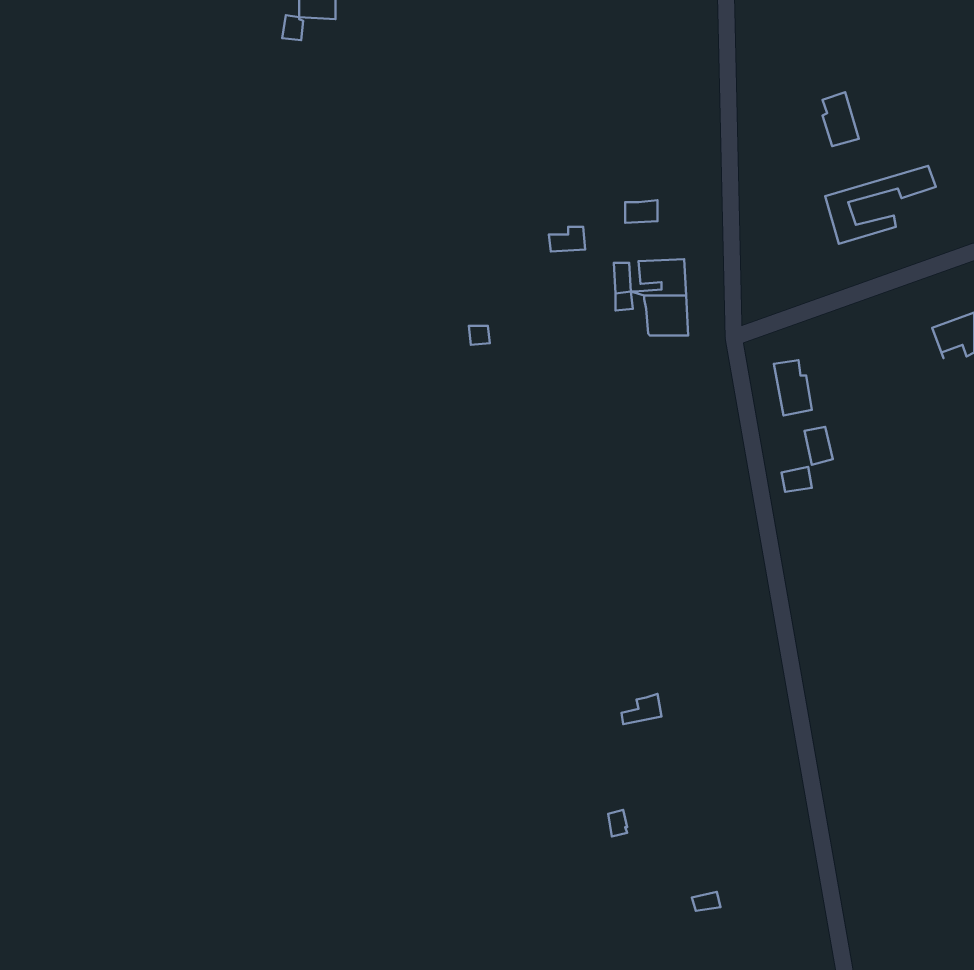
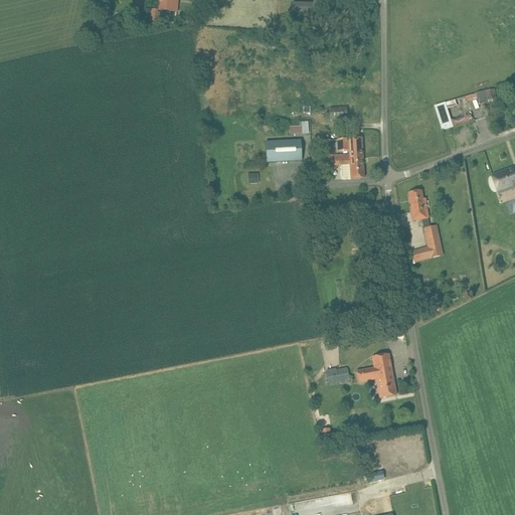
building: [822,92,859,146] -> none
building: none -> [266,139,302,161]
building: none -> [359,353,396,397]

